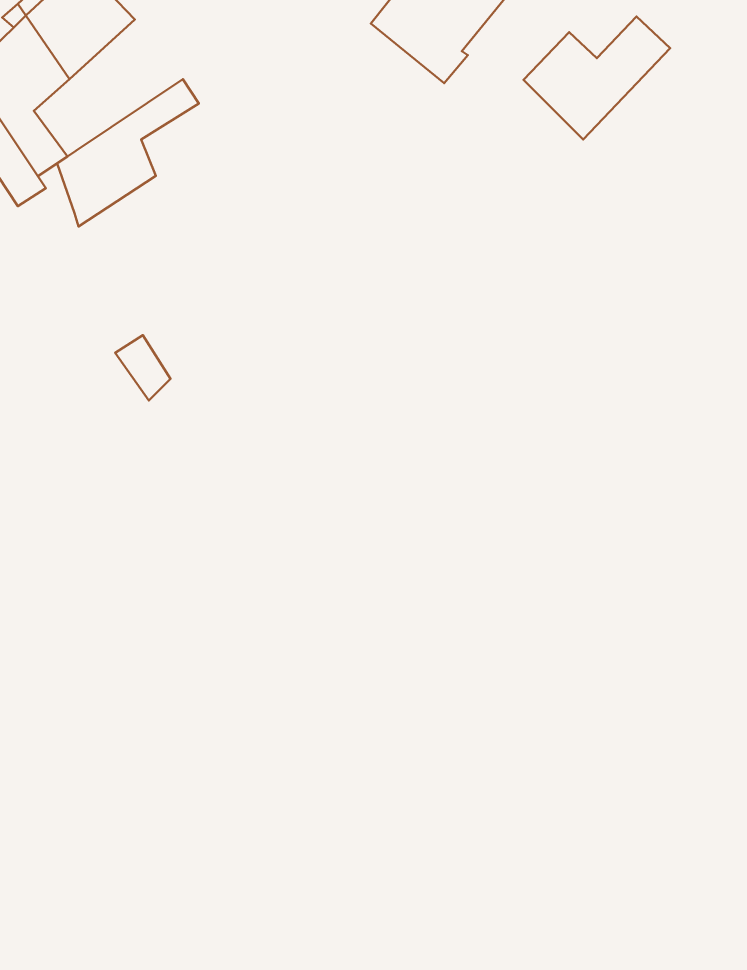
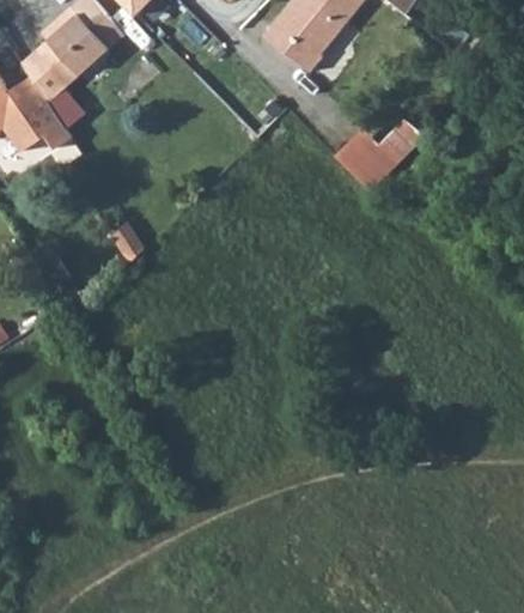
building: [524,16,670,139] -> [336,120,425,194]
building: [57,79,199,226] -> none

